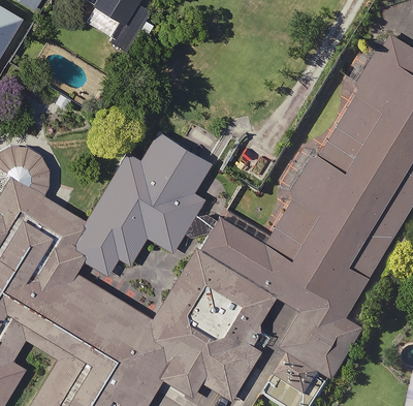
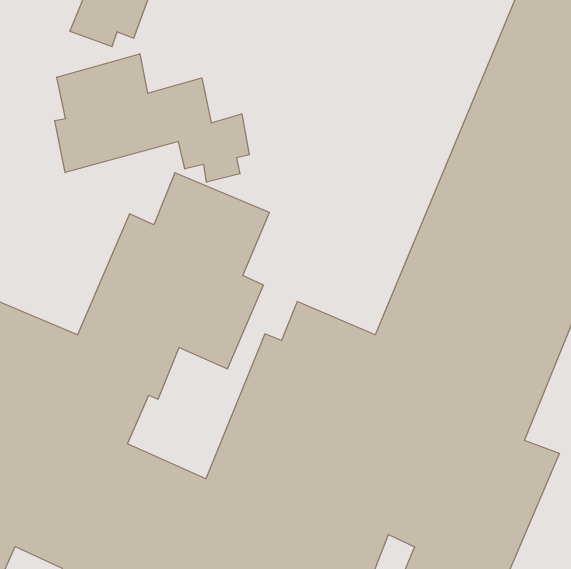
building: none -> [55,54,249,182]

